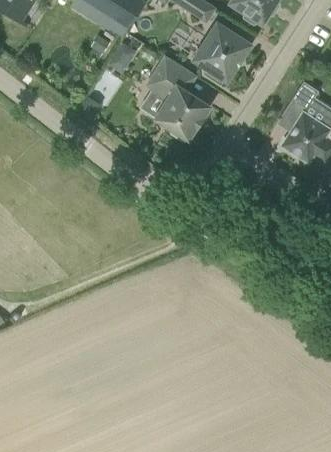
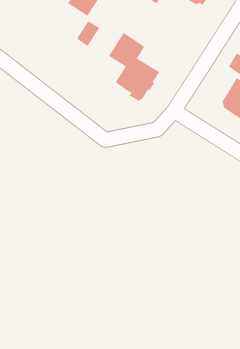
building: [194,23,249,81] -> none

